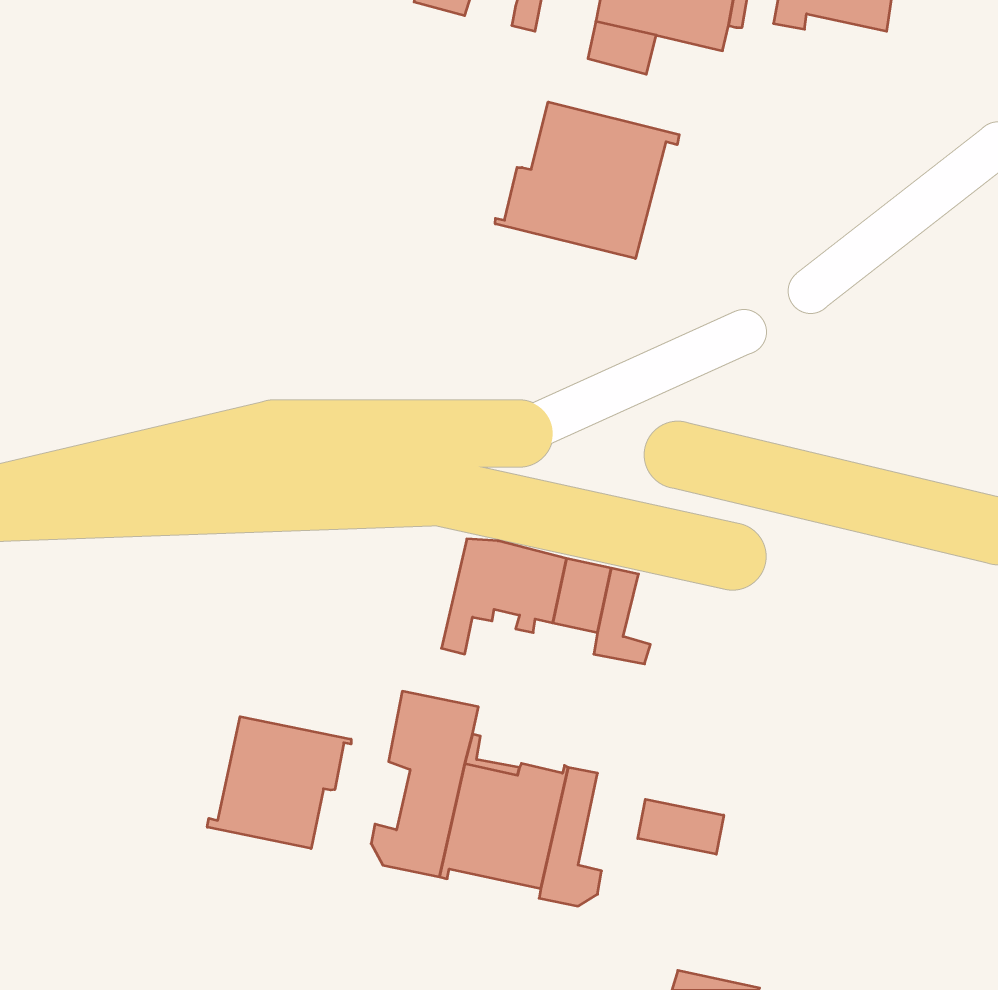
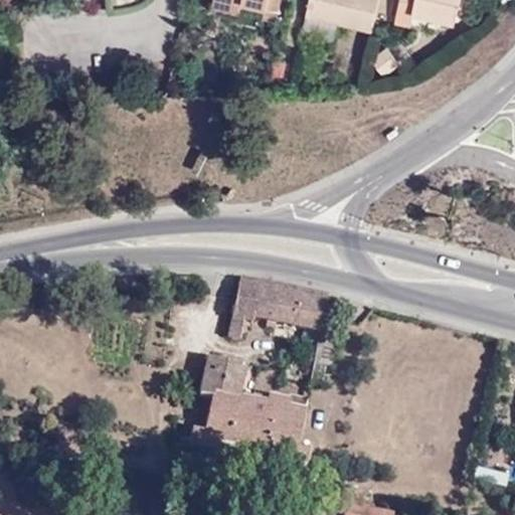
building: [495,102,679,259] -> none
building: [207,717,351,849] -> none
building: [638,799,724,854] -> none

